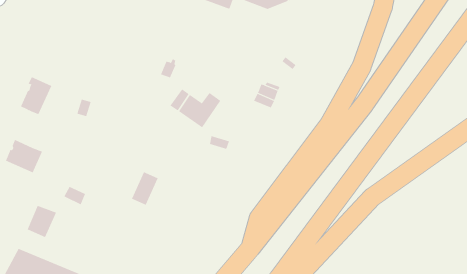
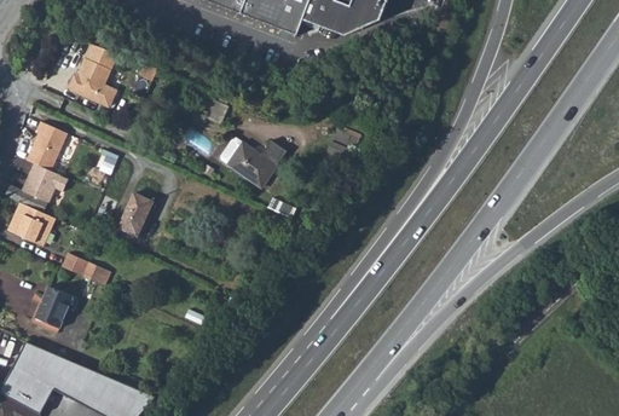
building: none -> [70,45,118,105]
building: none -> [6,164,69,212]
building: [131,172,158,205] -> [118,192,154,236]

